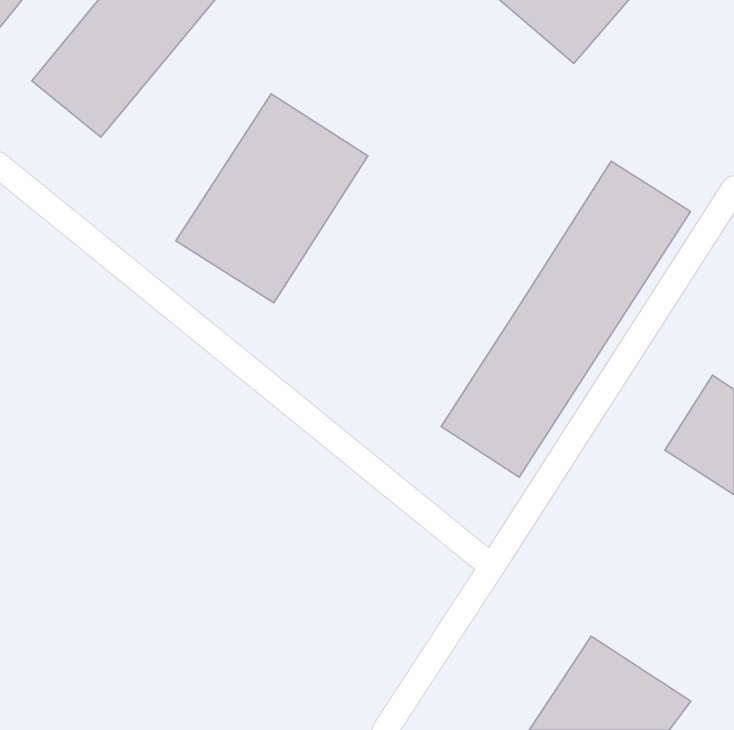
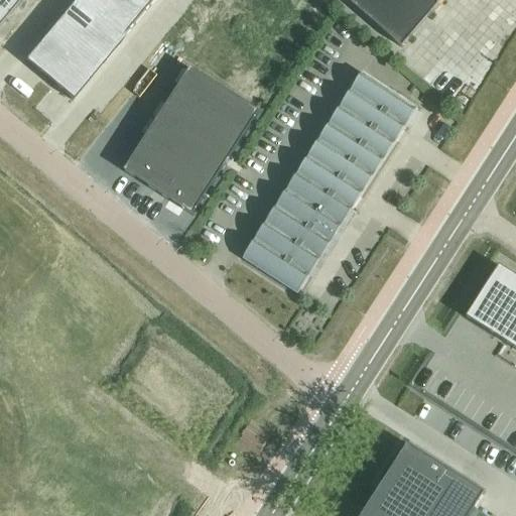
building: [441,161,691,477] -> [242,70,416,290]

